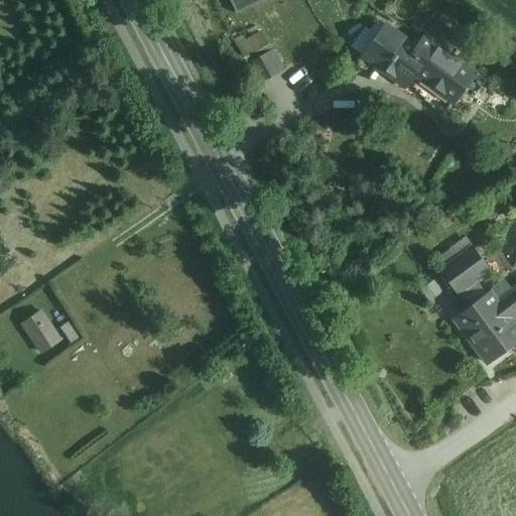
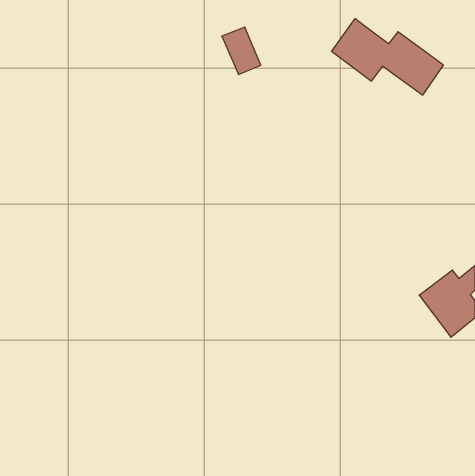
building: [440,248,489,294] -> none
building: [19,308,62,354] -> none

